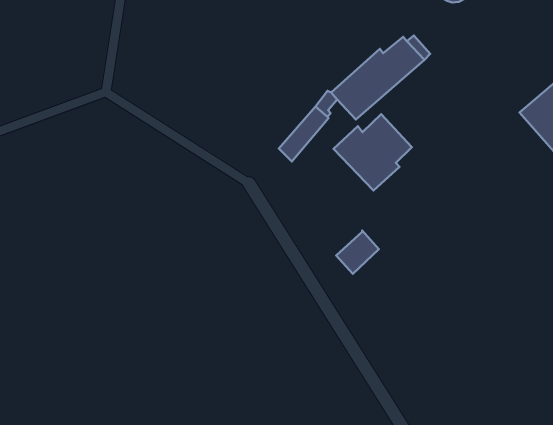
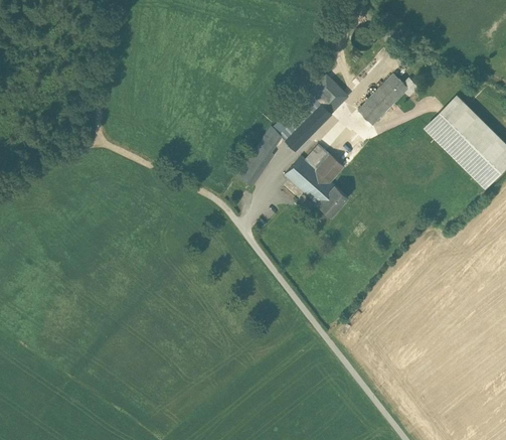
building: none -> [356,74,407,126]
building: [336,231,379,274] -> [316,180,348,214]

